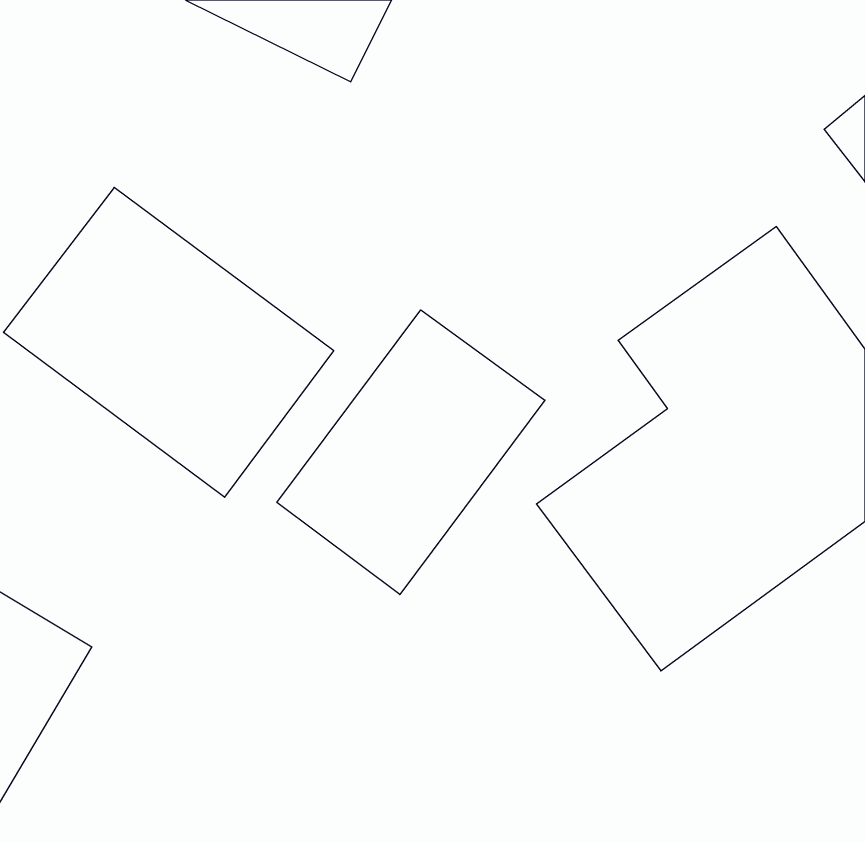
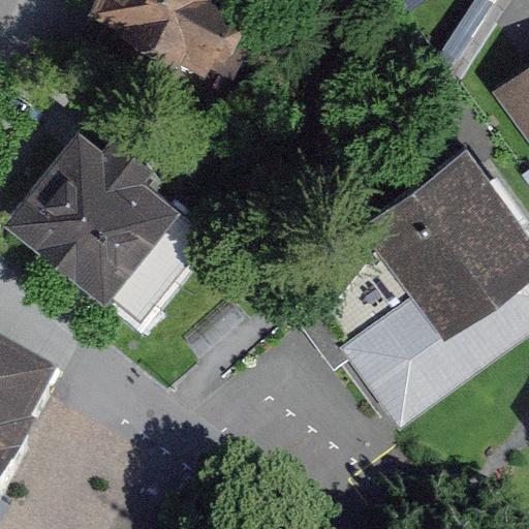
building: [277,310,545,595] -> none

